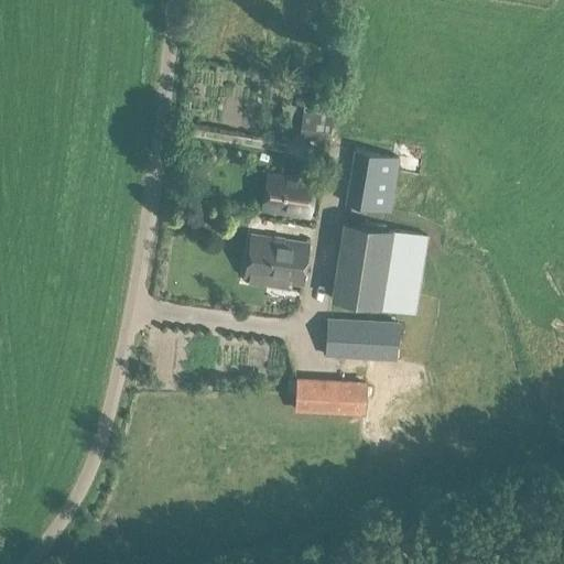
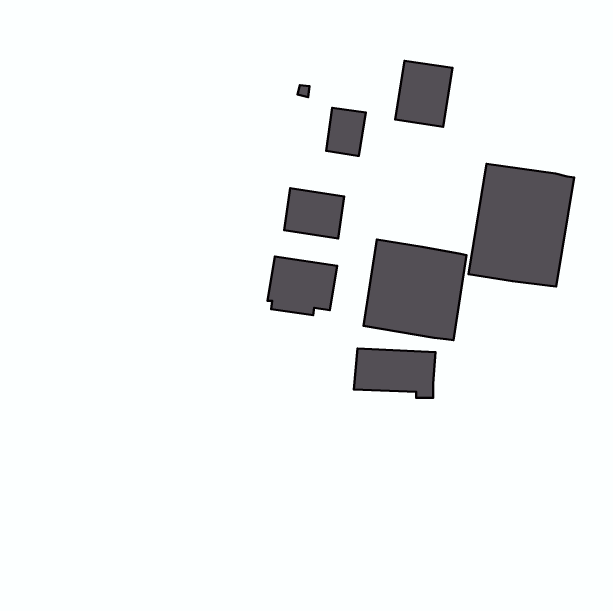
building: [345,151,398,212] -> [395,61,453,127]
building: none -> [468,164,574,286]
building: [294,379,368,417] -> none

